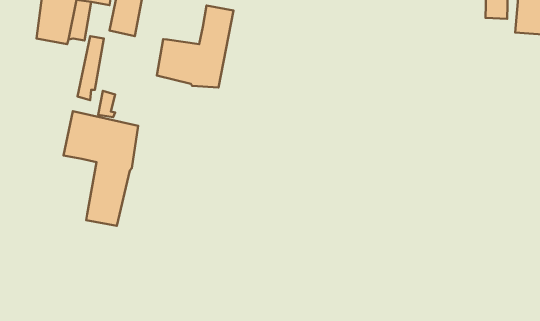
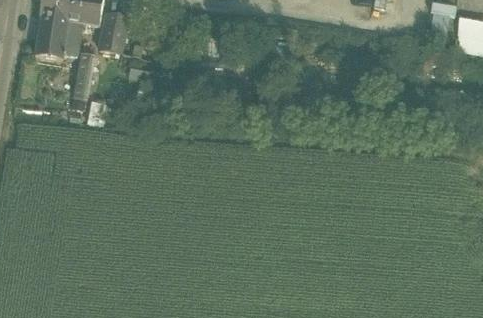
building: [157,5,234,88] -> none
building: [64,111,138,226] -> none

